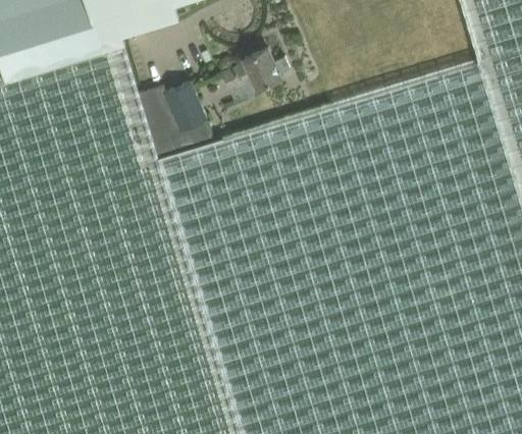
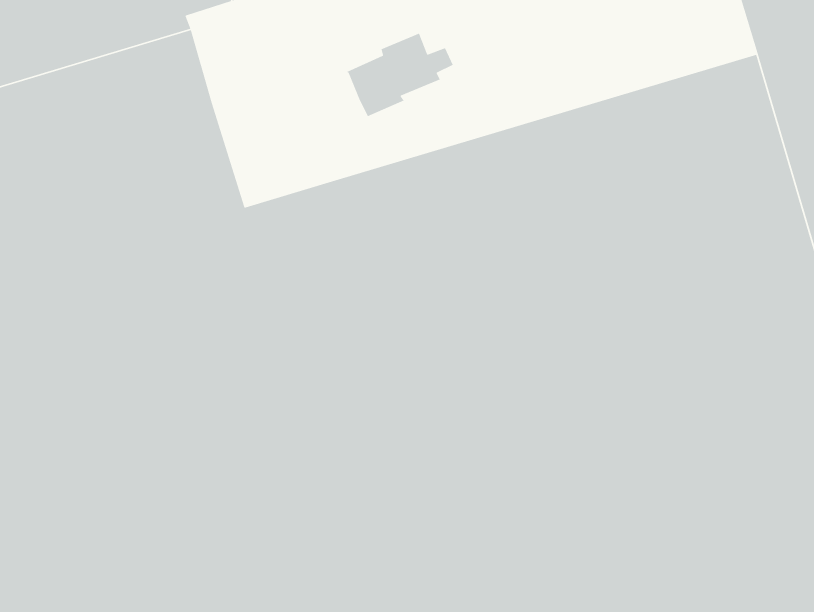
building: [139,80,213,157] -> none

